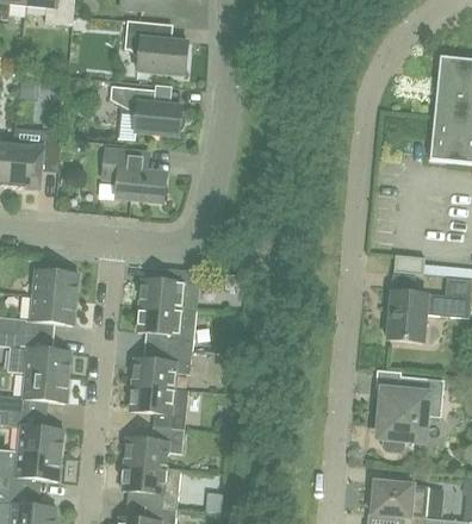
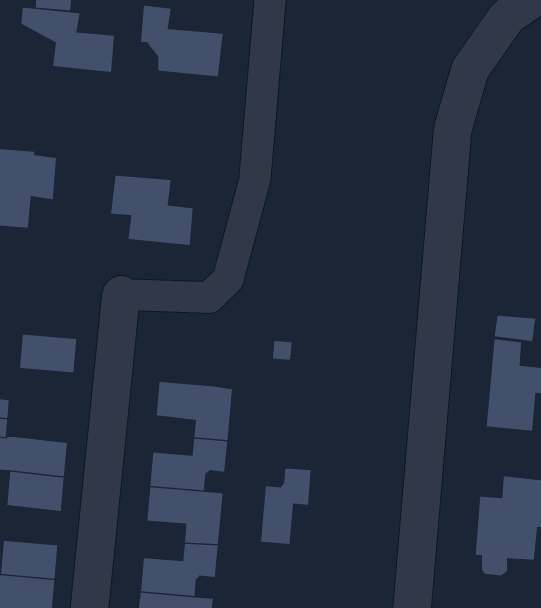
building: [111,85,182,135] -> [21,7,115,73]
building: [139,268,198,310] -> none
building: [31,294,75,324] -> none
building: none -> [260,468,312,545]

